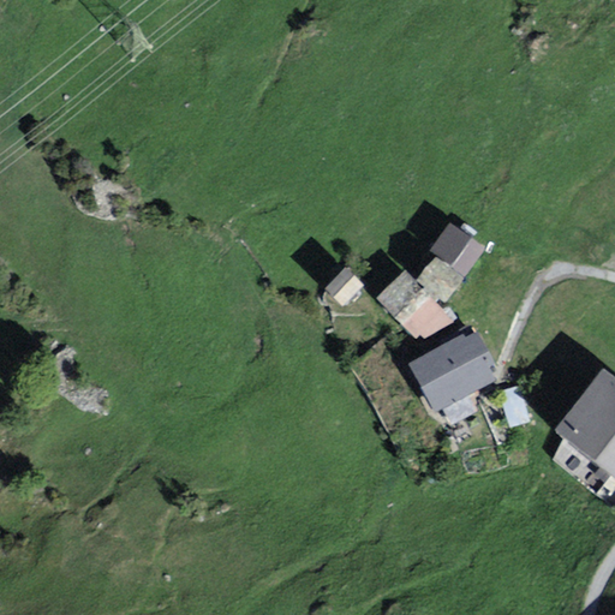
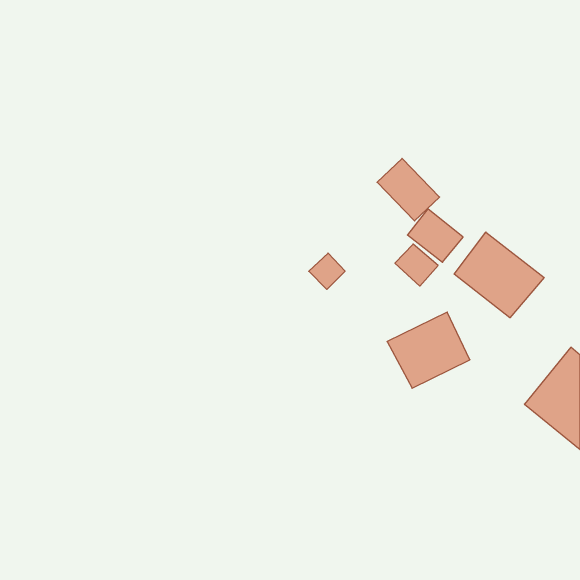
building: none -> [454,232,544,318]
building: [377,271,443,338] -> [377,158,440,221]

